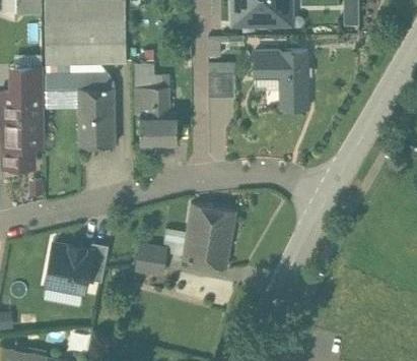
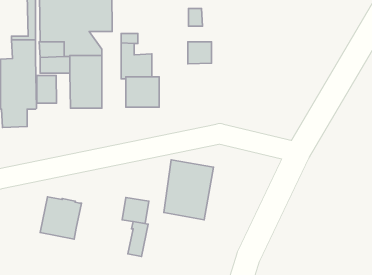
building: [254,53,307,110] -> none
building: none -> [37,76,56,103]
building: [85,244,108,283] -> [128,222,148,257]

